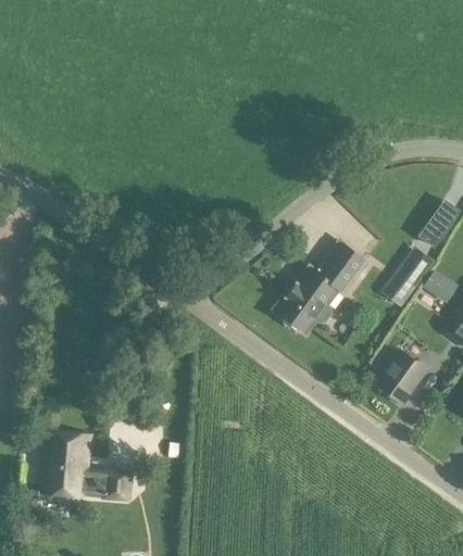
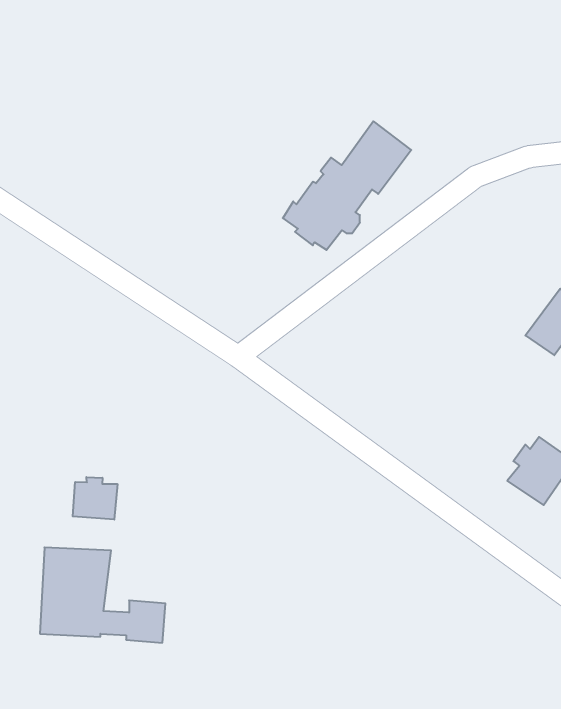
building: [274,241,366,333] -> [283,121,411,250]
building: none -> [73,477,117,520]

